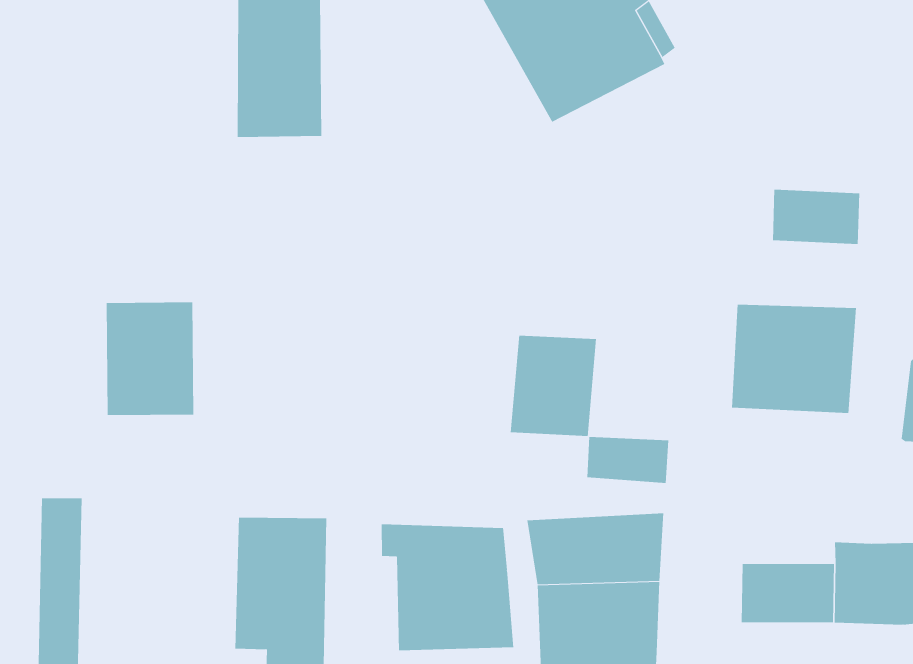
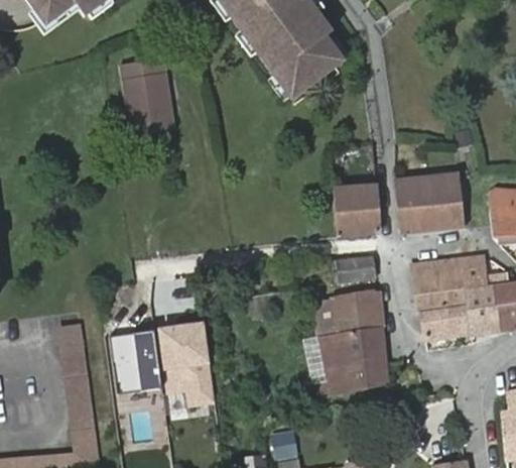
building: [772,189,860,245] -> none
building: [106,302,194,416] -> [108,329,161,393]
building: [510,335,597,436] -> [335,182,378,236]
building: none -> [412,257,485,312]
building: [381,524,514,651] -> none

